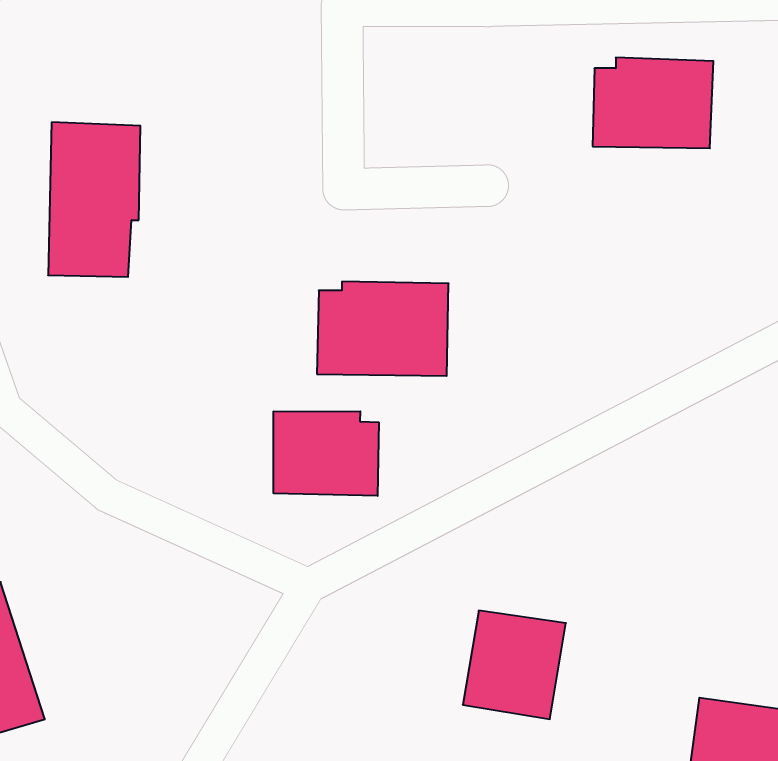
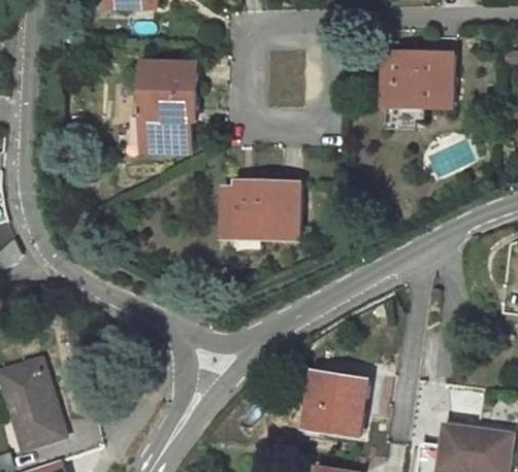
building: [48,122,140,277] -> [140,61,194,150]
building: [274,411,379,496] -> none

